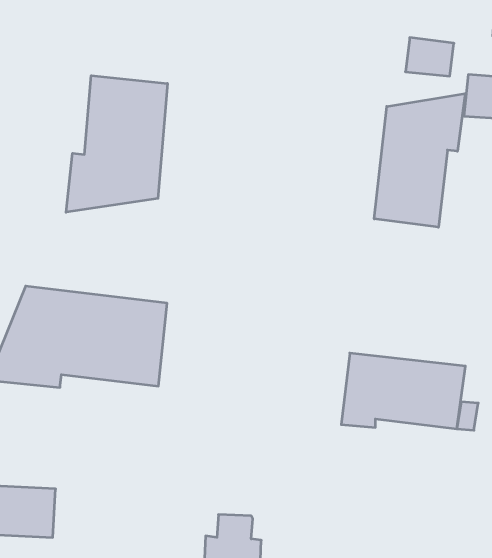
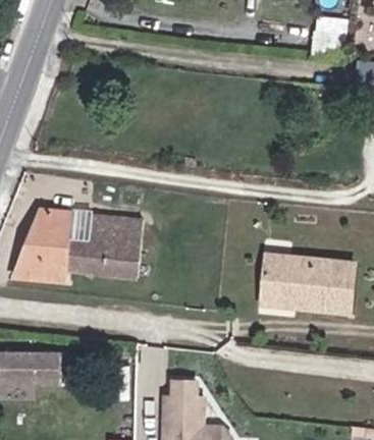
building: [66,76,167,212] -> none
building: [374,94,465,227] -> none

